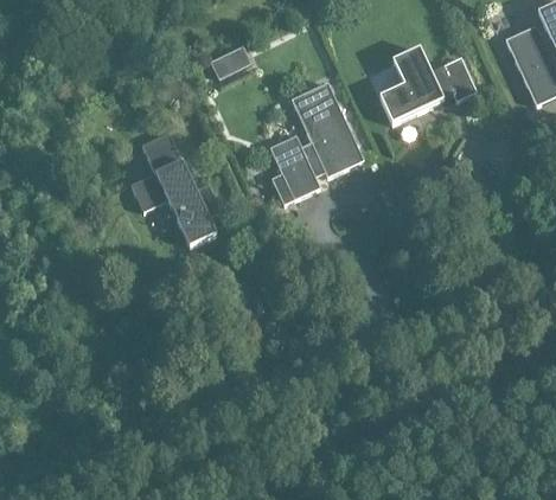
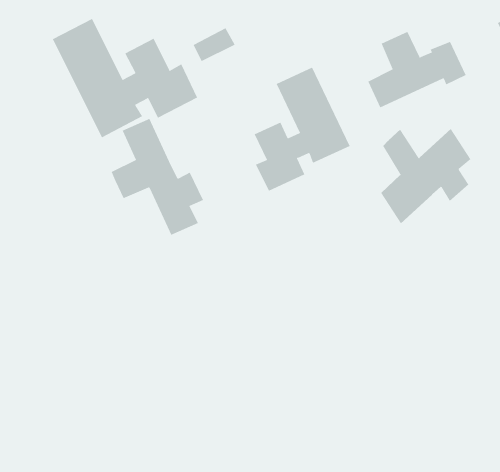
building: none -> [52,18,198,138]
building: none -> [380,128,471,224]

